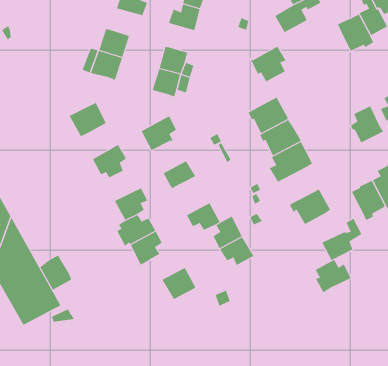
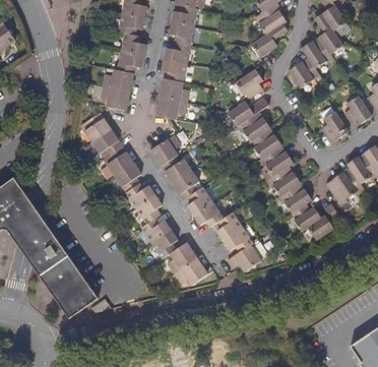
building: none -> [116,51,143,72]
building: none -> [163,59,187,81]
building: none -> [290,57,320,88]
building: none -> [83,112,112,142]
building: none -> [230,97,270,125]
building: none -> [106,145,133,176]
building: none -> [161,156,190,182]
building: none -> [266,166,301,197]
building: none -> [124,183,155,208]
building: none -> [187,186,212,215]
building: none -> [169,242,197,269]
building: none -> [233,240,266,272]
building: [39,255,72,291] -> none
building: [315,259,351,293] -> [292,203,322,232]

